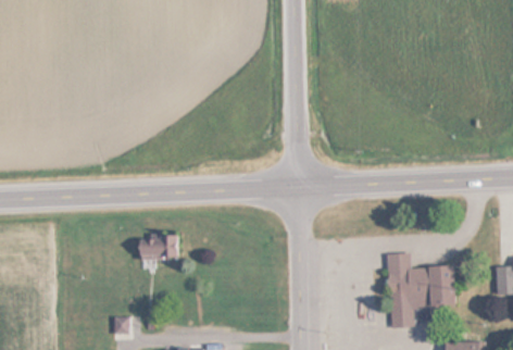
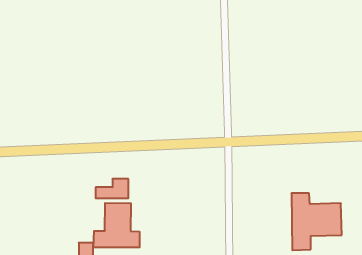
building: none -> [94,203,140,247]

